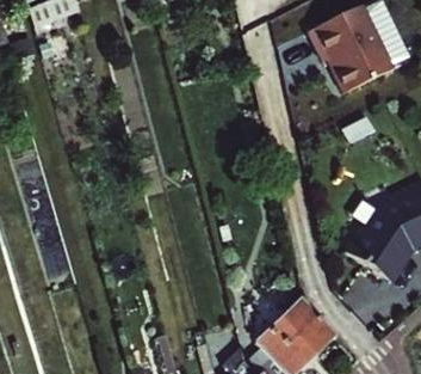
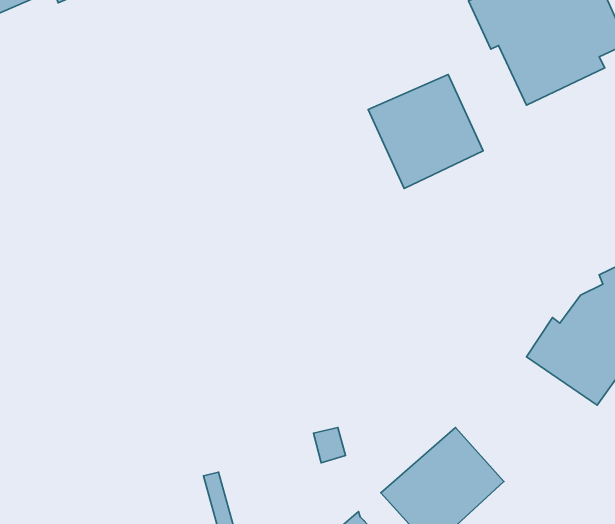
building: none -> [368,75,483,189]

